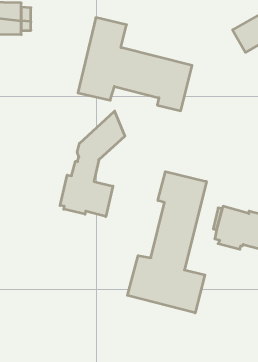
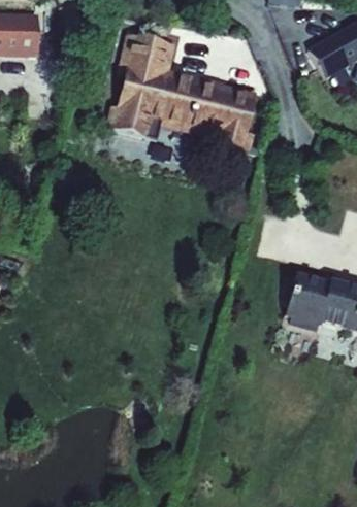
building: [60,111,125,217] -> none
building: [127,172,206,313] -> none

